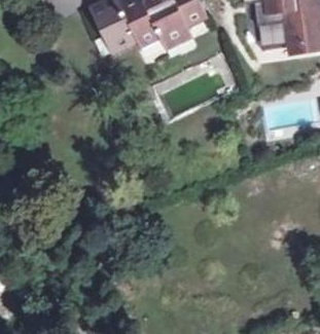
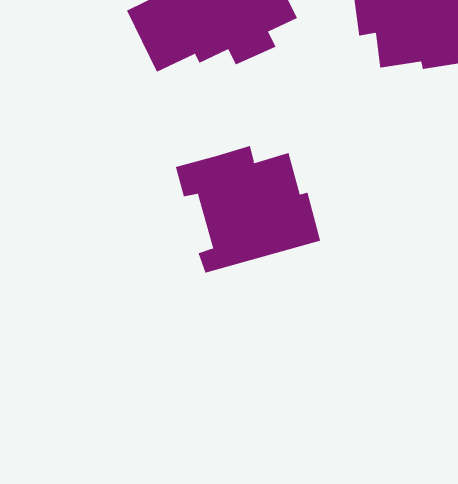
building: none -> [175,145,321,274]

